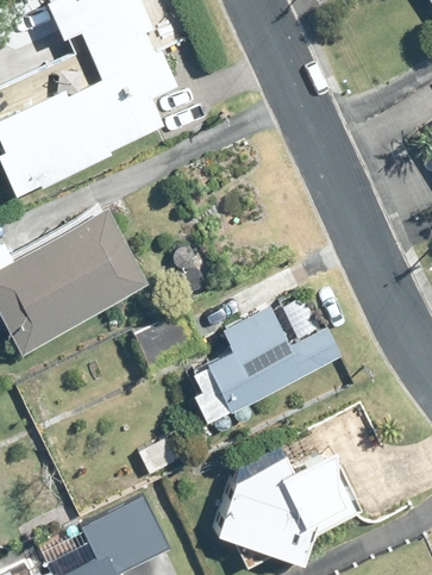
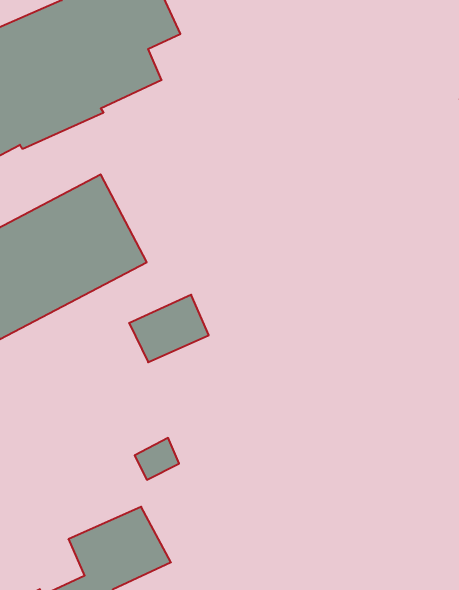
building: [206,310,343,414] -> none
building: [218,445,357,568] -> none

